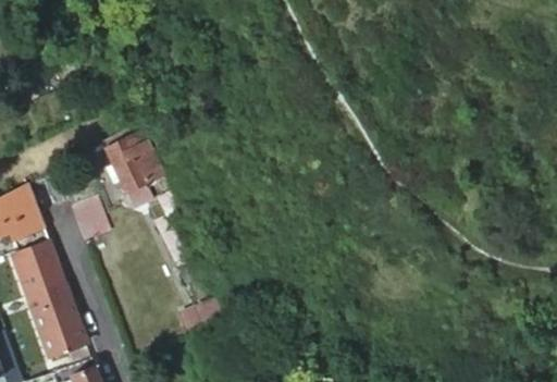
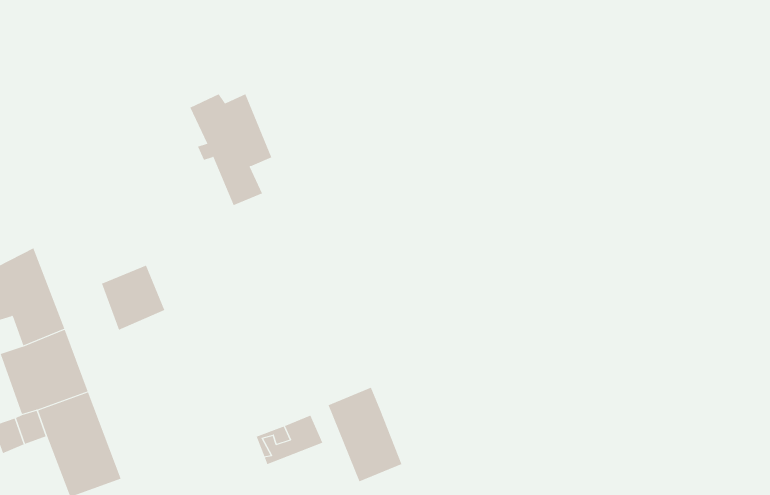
building: [106,131,163,209] -> [189,93,272,206]
building: none -> [328,387,402,482]

